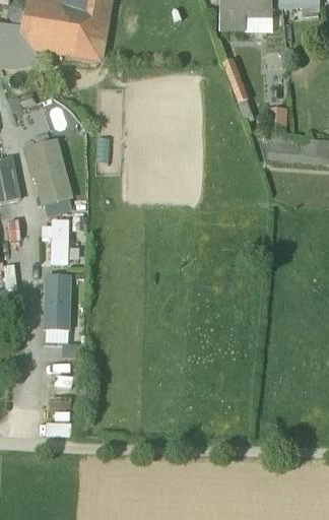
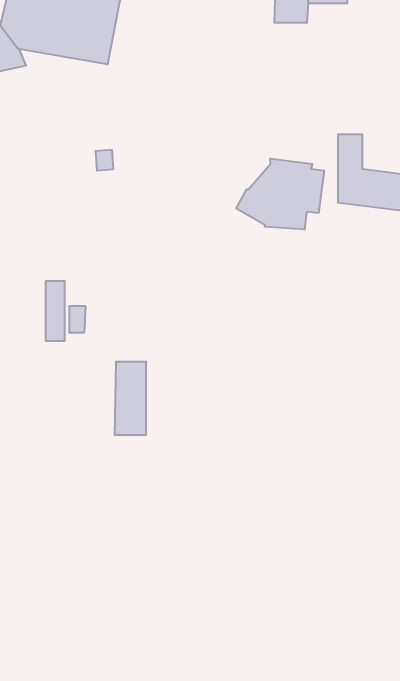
building: none -> [236,158,324,230]
building: [25,143,68,204] -> none
building: [45,274,68,328] -> [114,362,146,435]

